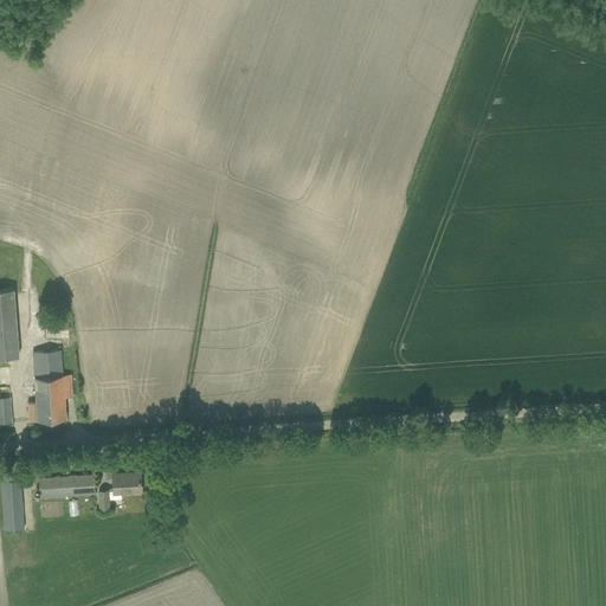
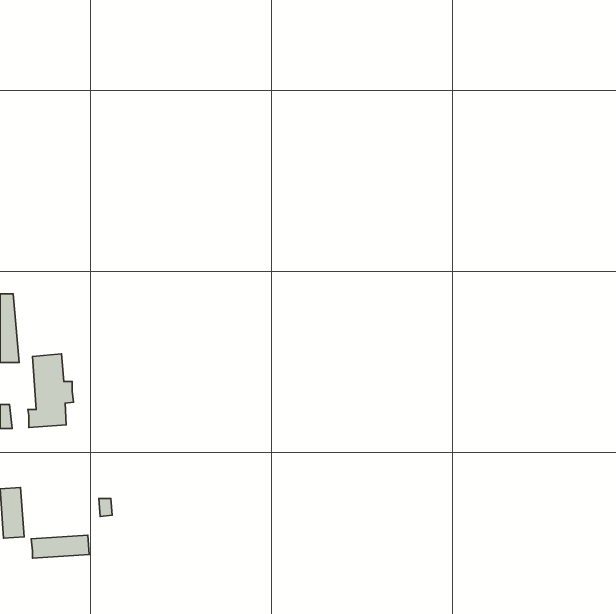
building: [112,472,141,494] -> none
building: [38,476,95,498] -> [31,535,89,558]

